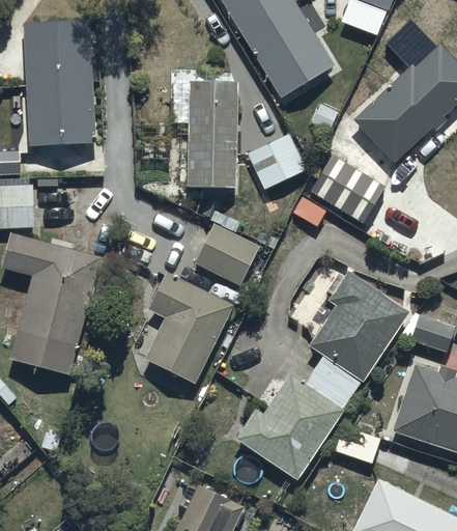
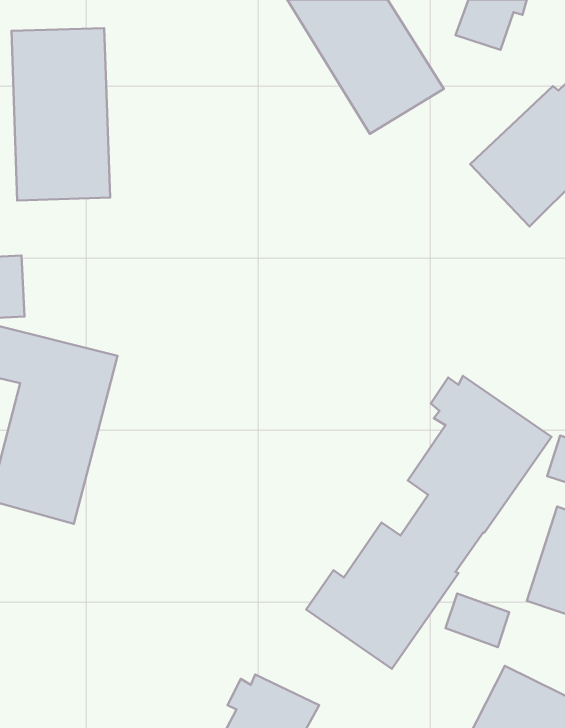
building: [187,81,237,187] -> none
building: [247,134,307,190] -> none
building: [309,153,384,222] -> none
building: [144,223,259,384] -> none

